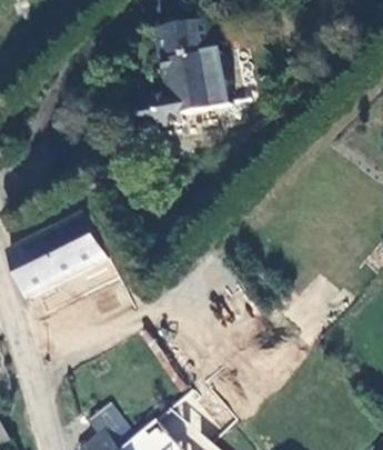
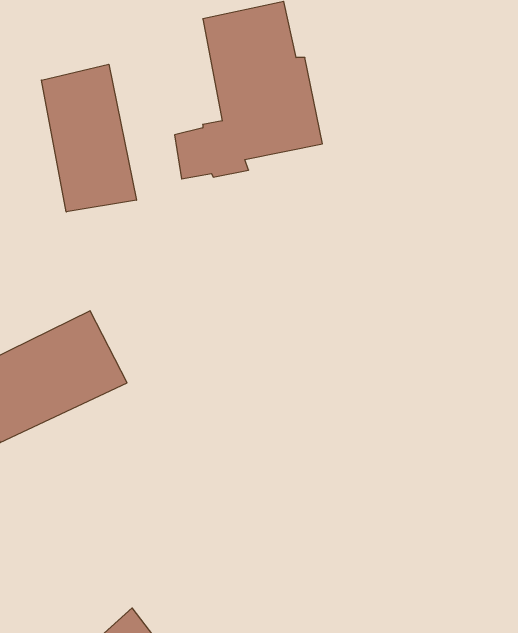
building: none -> [41,64,136,212]

